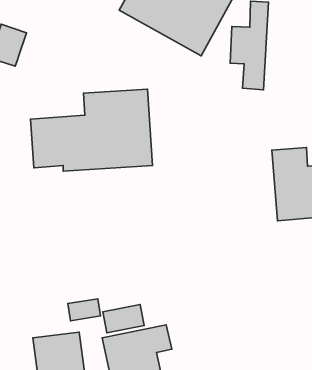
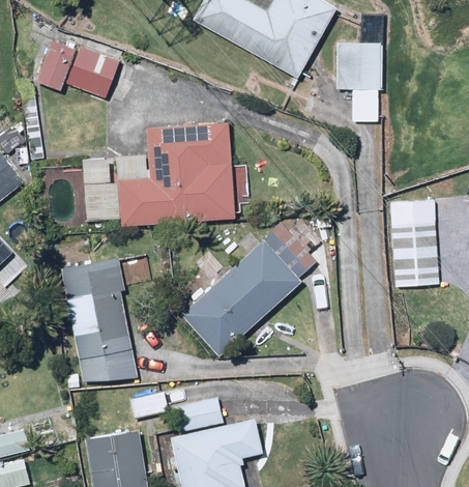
building: none -> [64,41,121,98]
building: none -> [182,216,325,356]
building: none -> [58,258,136,384]

